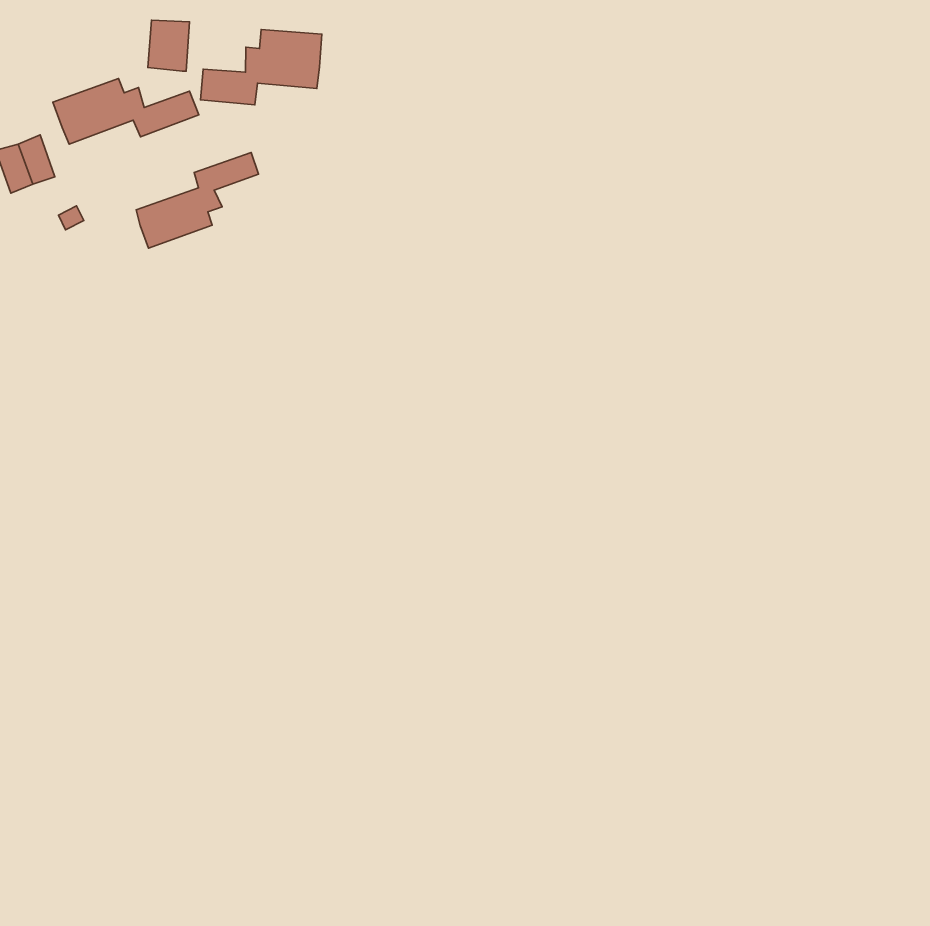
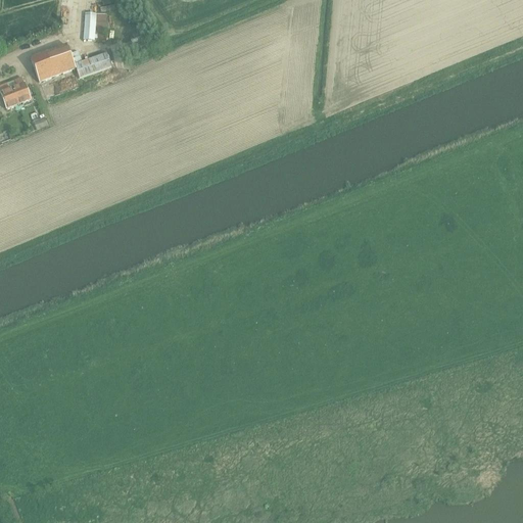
building: [200,30,322,105] -> none
building: [136,153,258,248] -> none

